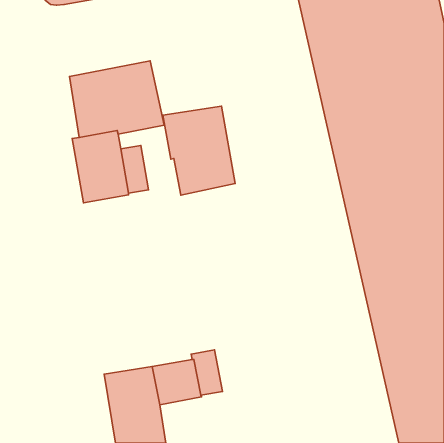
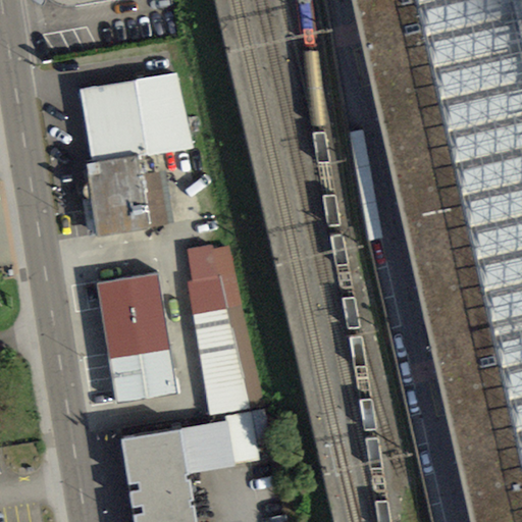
building: [163,106,235,195] -> none
building: none -> [188,243,264,414]
building: none -> [97,272,176,402]

